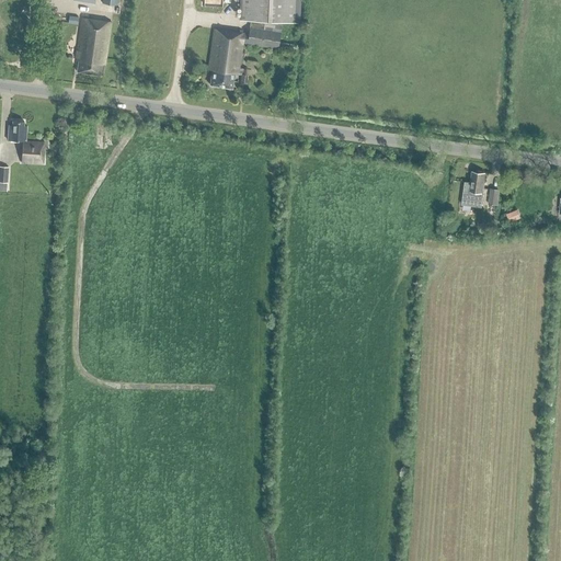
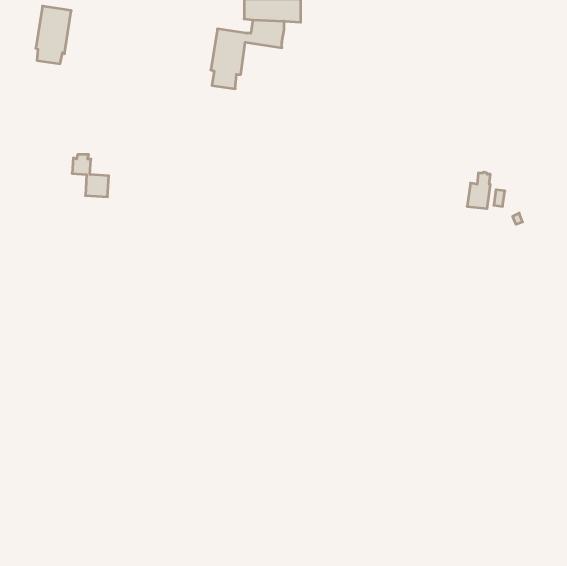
building: [76,18,111,75] -> [36,6,71,64]
building: [8,121,44,162] -> [72,155,109,197]

